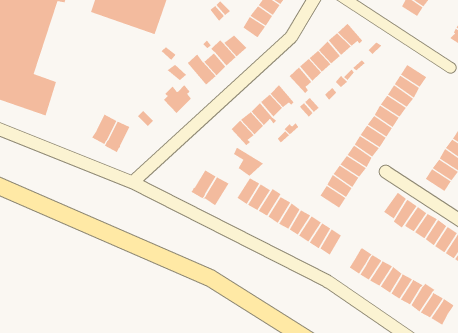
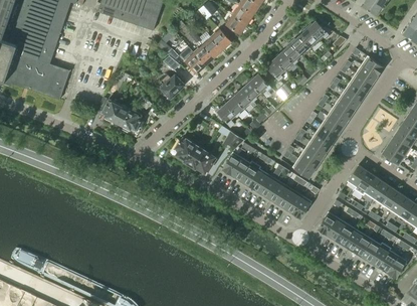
building: none -> [121,109,144,137]
building: none -> [168,137,195,163]

